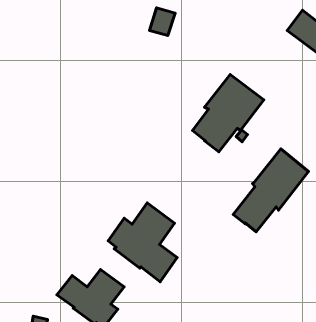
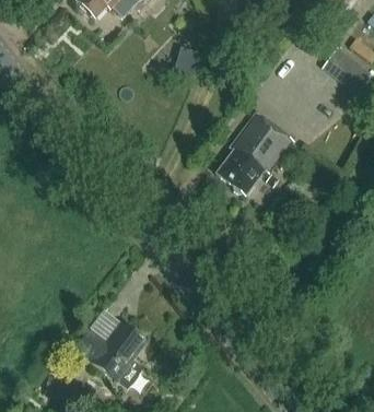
building: [233,149,308,232] -> none
building: [108,203,177,282] -> none

